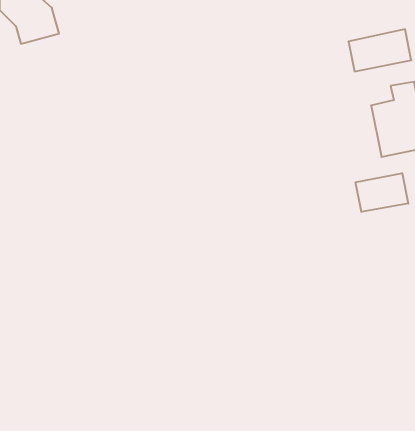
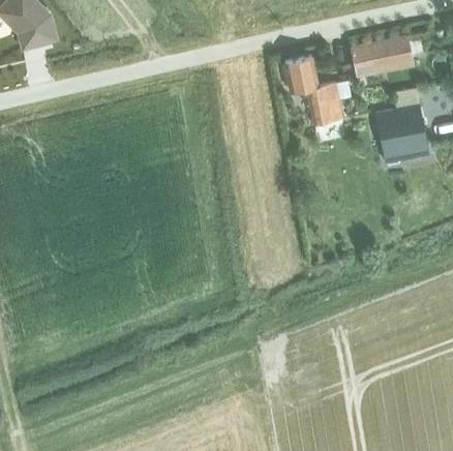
building: none -> [284,56,342,124]
building: [356,173,408,212] -> none

